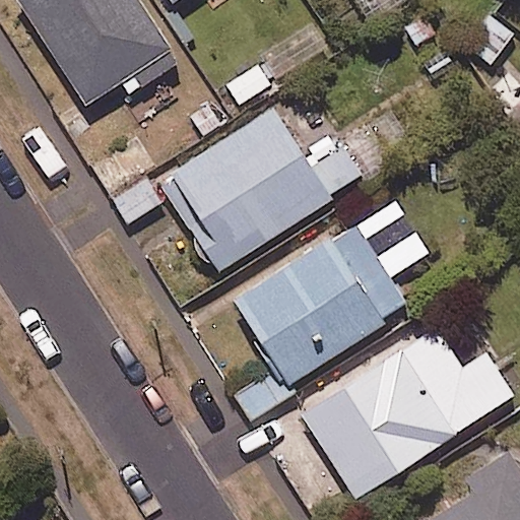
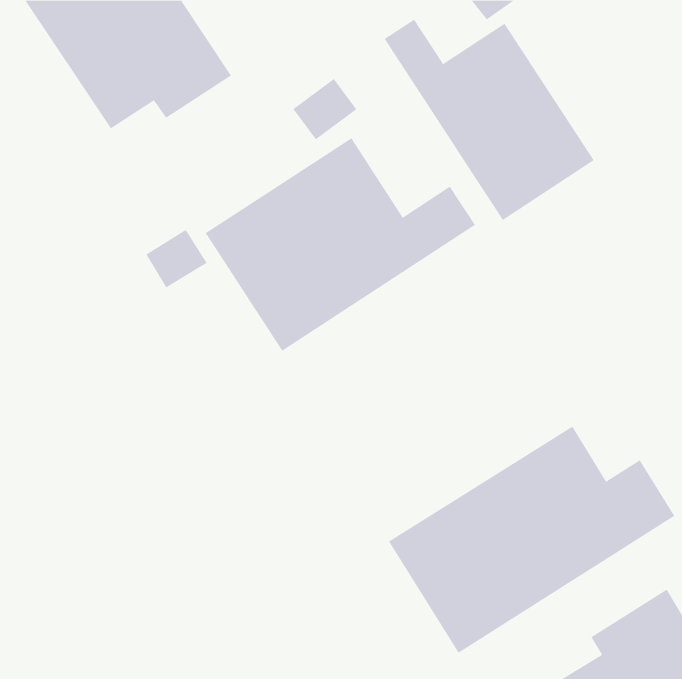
building: none -> [384,19,595,221]
building: [234,221,411,385] -> none

